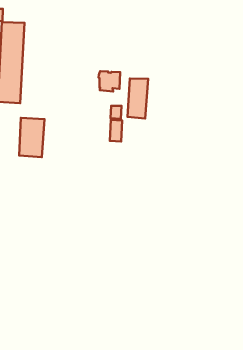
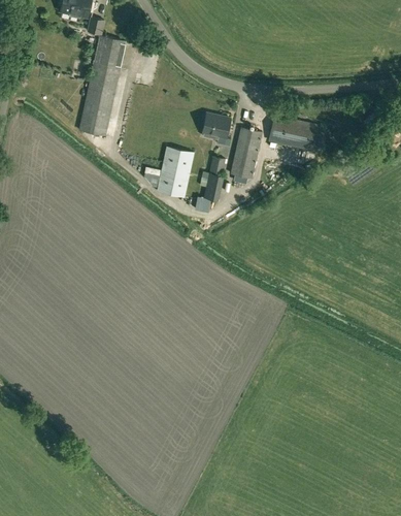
building: none -> [268,115,326,153]
building: [19,118,44,157] -> [157,147,194,197]

